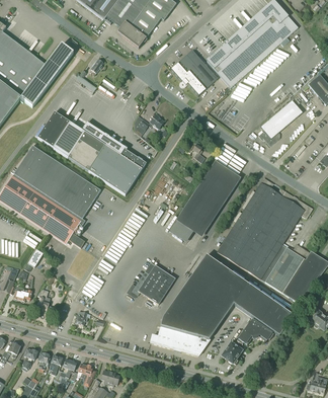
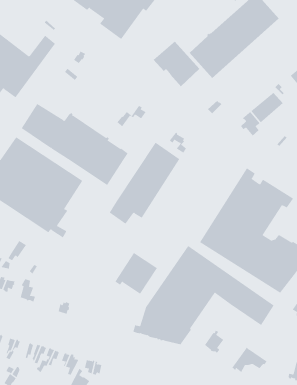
building: [168,160,240,243] -> [109,142,180,224]
building: [237,318,273,344] -> [231,347,268,373]

